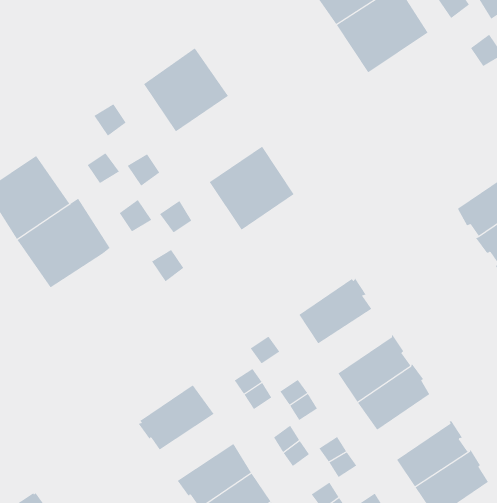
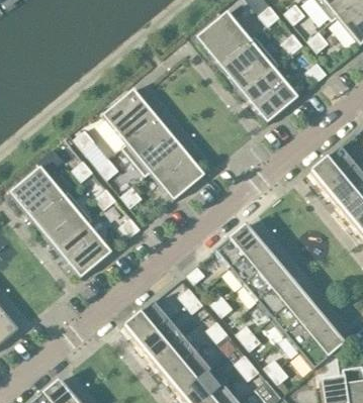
building: none -> [244,64,299,122]
building: none -> [121,116,182,176]
building: none -> [58,223,112,277]
building: none -> [230,239,275,284]
building: none -> [272,290,317,334]
building: none -> [135,317,183,362]

